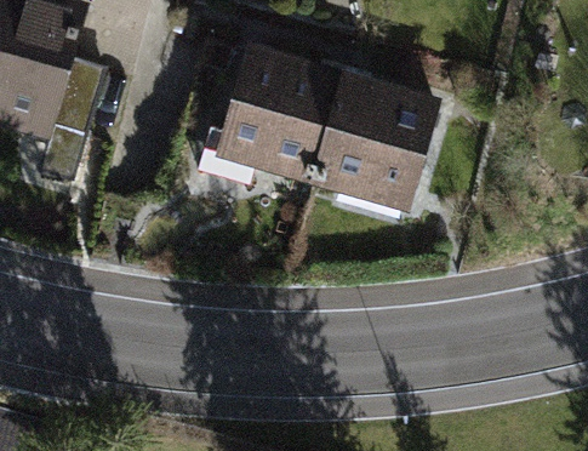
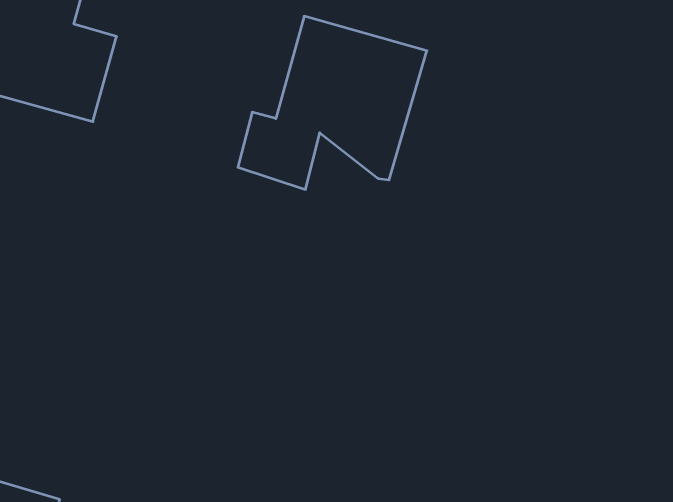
building: [309,81,430,190] -> none

